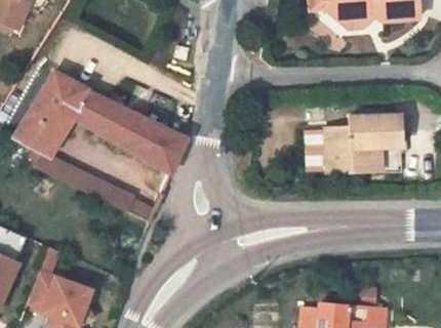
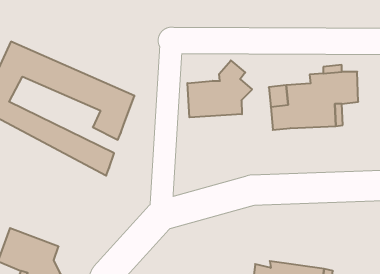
building: none -> [187,60,252,117]

